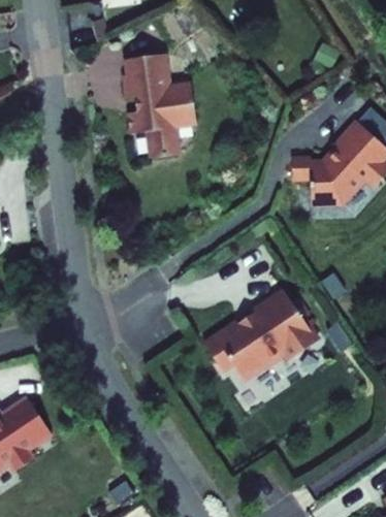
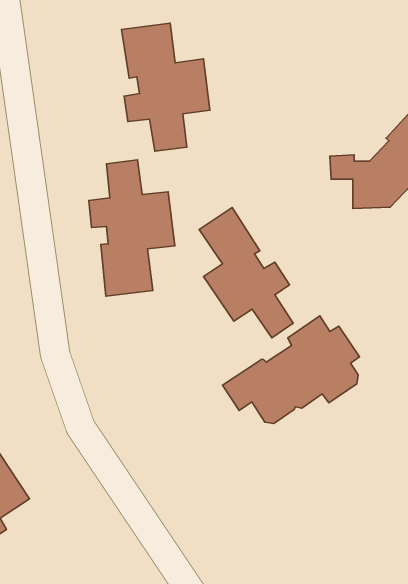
building: none -> [89,160,175,296]
building: none -> [199,208,293,338]

